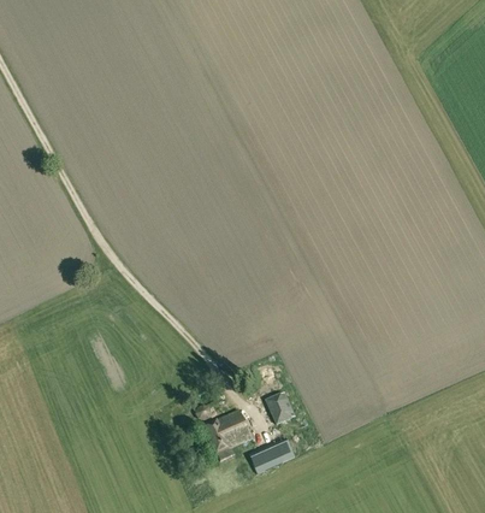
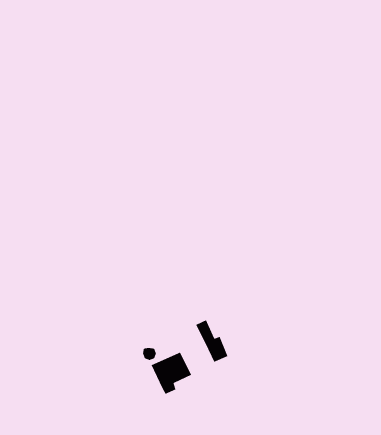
building: [253,438,296,472] -> none

